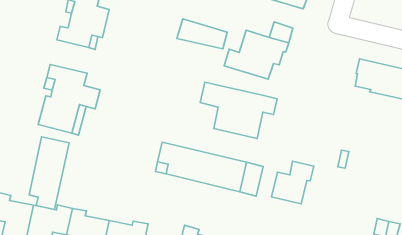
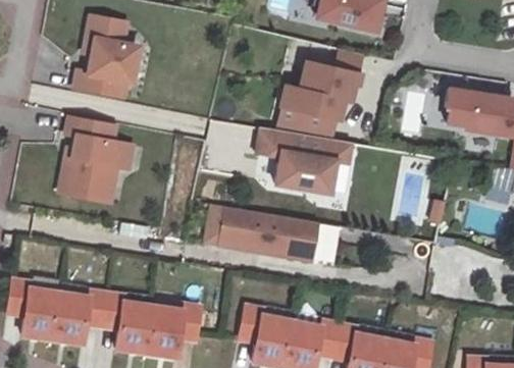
building: [177,19,227,49] -> [276,107,338,141]
building: [29,137,69,209] -> none
building: [271,161,314,204] -> none

